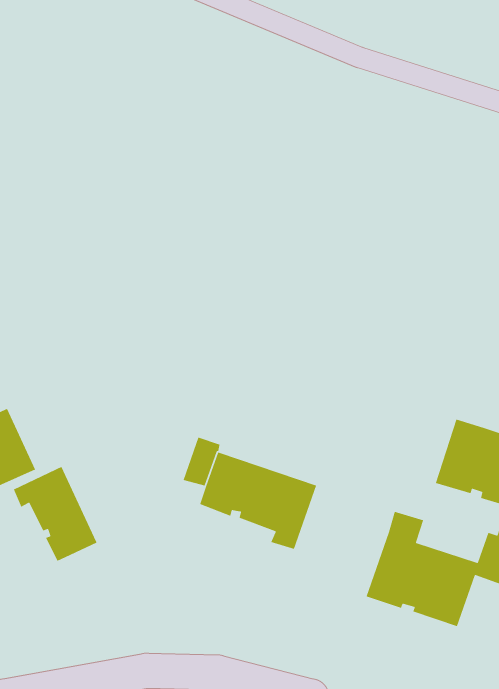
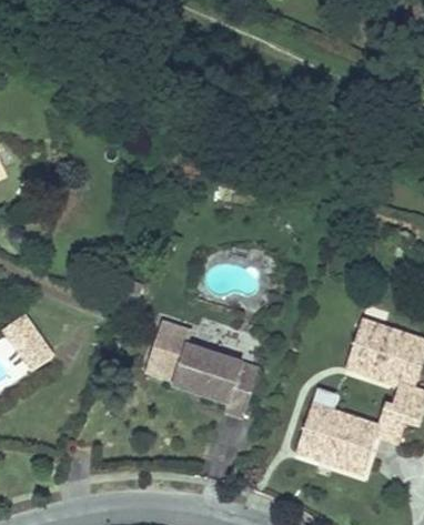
building: [13,466,97,562] -> none

